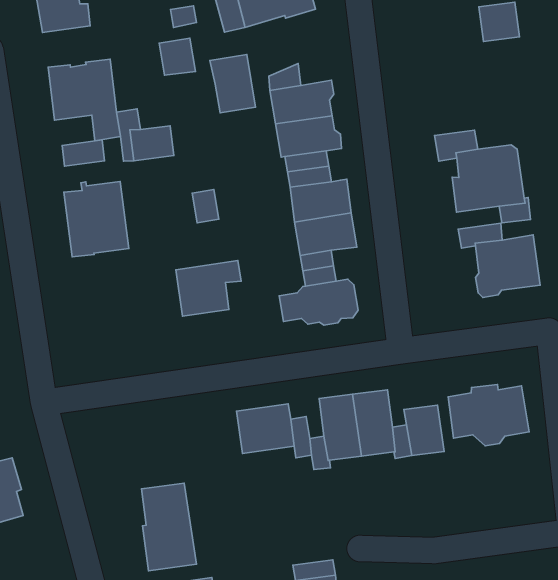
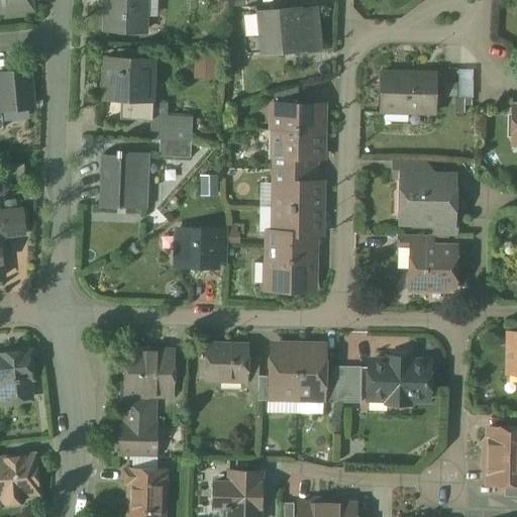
building: none -> [380,71,435,113]
building: [210,54,256,113] -> none
building: [62,140,104,166] -> [160,140,192,158]
building: none -> [126,351,173,394]

